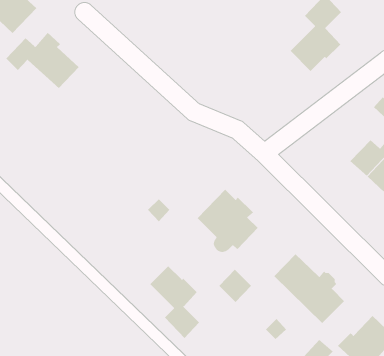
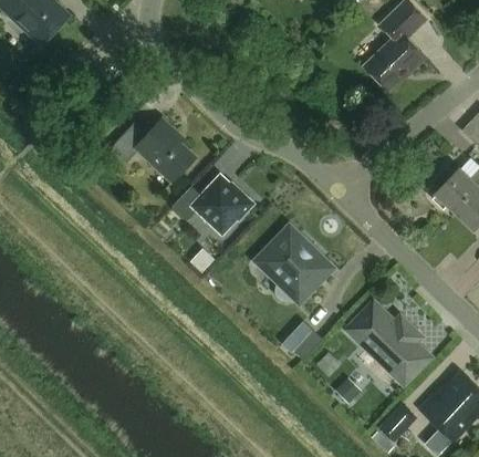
building: [6,32,80,89] -> [111,116,197,183]
building: none -> [173,175,254,233]
building: [149,265,200,339] -> none

